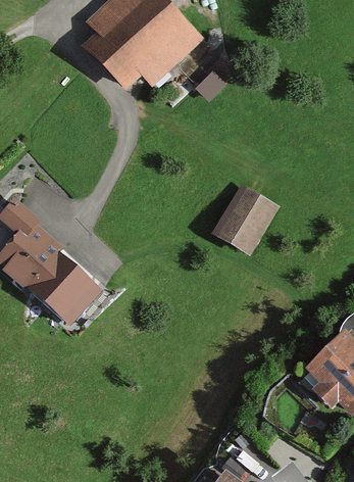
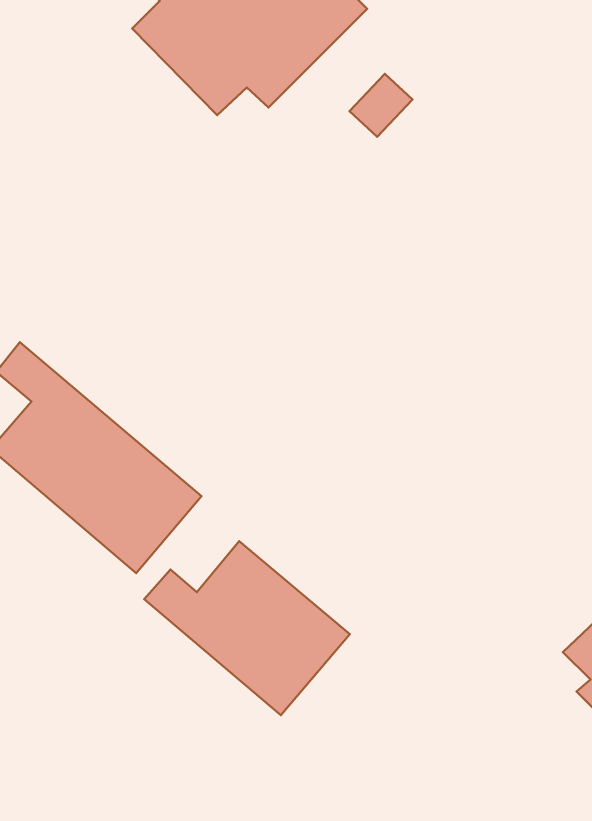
building: [209,183,277,256] -> none
building: none -> [144,541,350,715]

